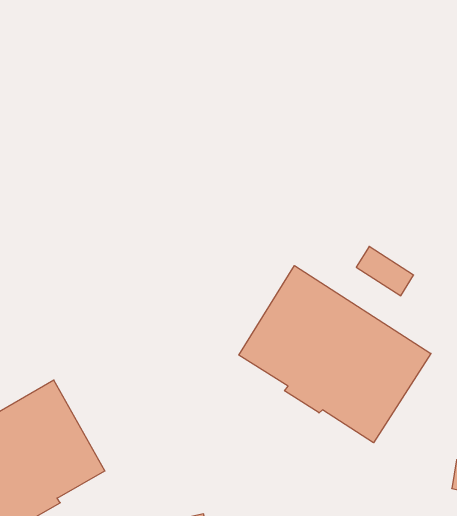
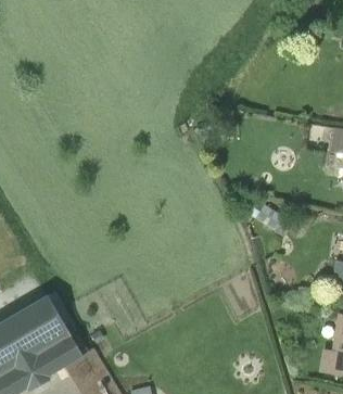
building: [239,266,431,443] -> none

